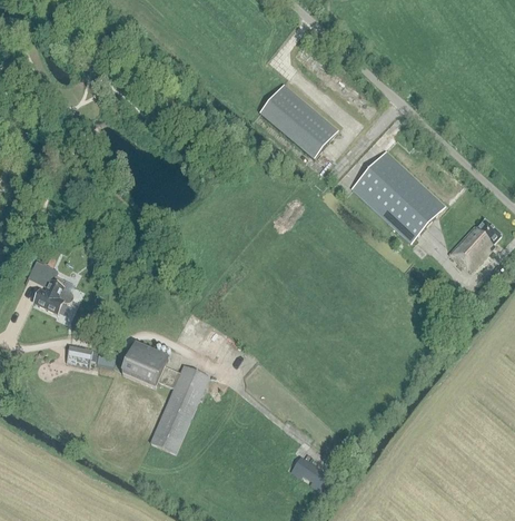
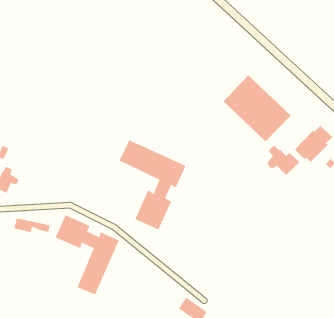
building: [258,82,337,155] -> none
building: none -> [119,139,186,231]
building: none -> [266,145,300,176]

